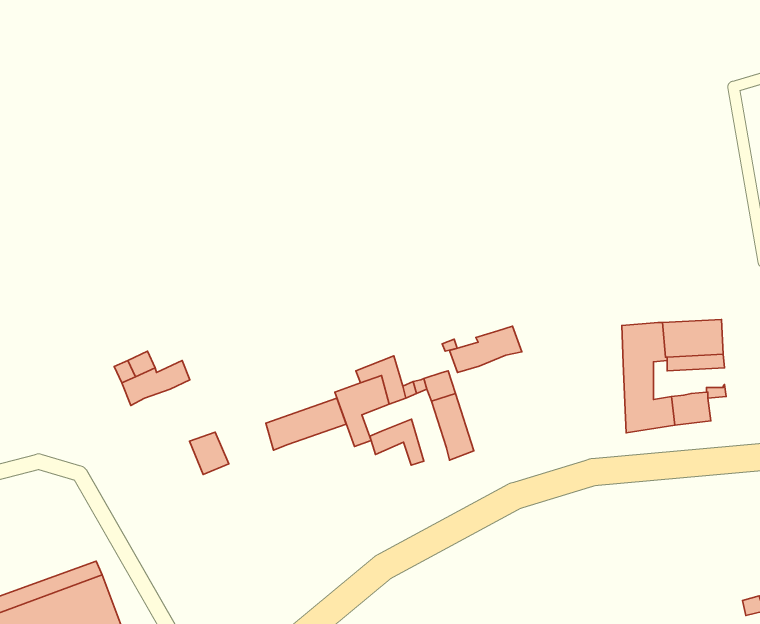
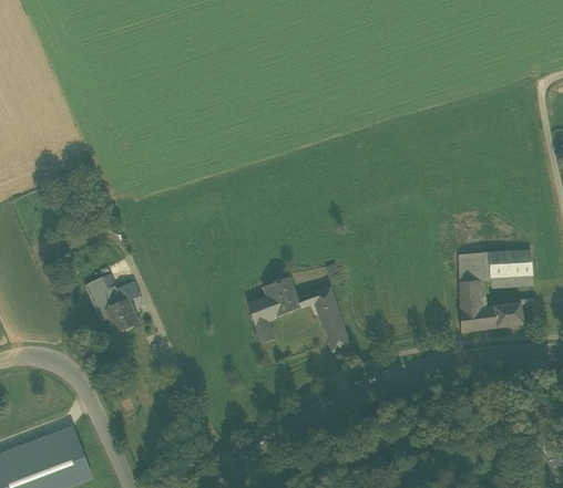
building: [449,326,522,372] -> none
building: [266,398,346,450] -> none
building: [370,419,424,465] -> none
building: [190,432,229,474] -> [108,300,136,331]

